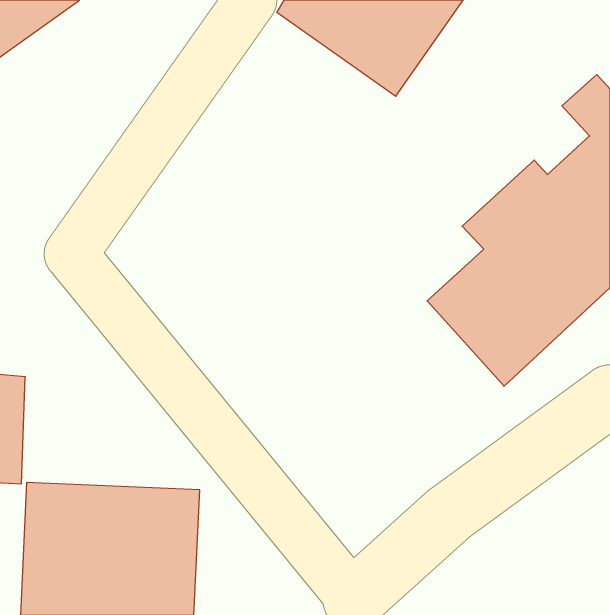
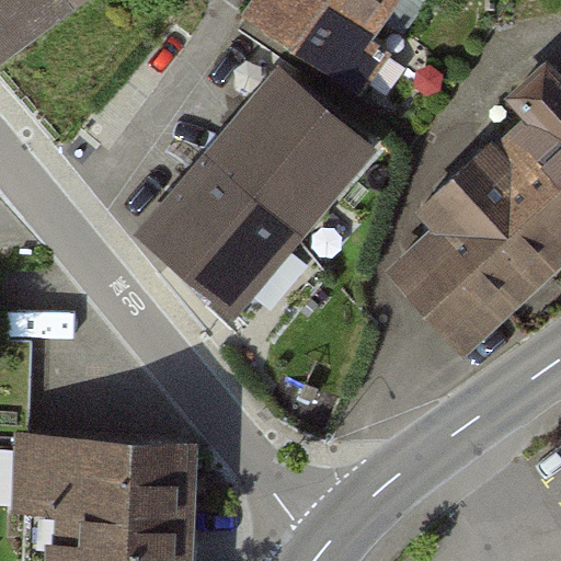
building: none -> [144,77,365,309]

